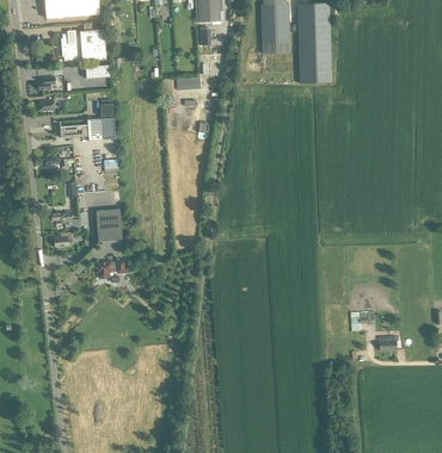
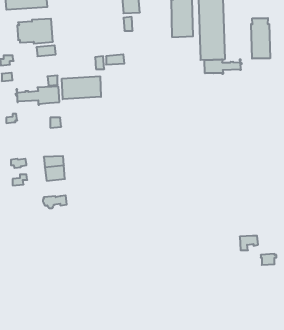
building: none -> [251,18,270,59]
building: none -> [205,59,242,74]
building: none -> [62,76,101,99]

